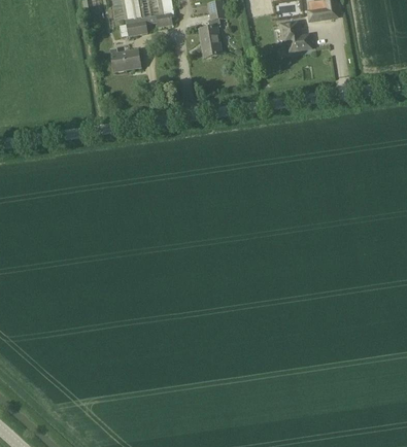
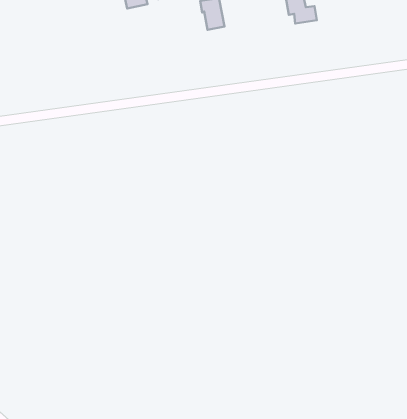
building: [109,48,139,71] -> none

